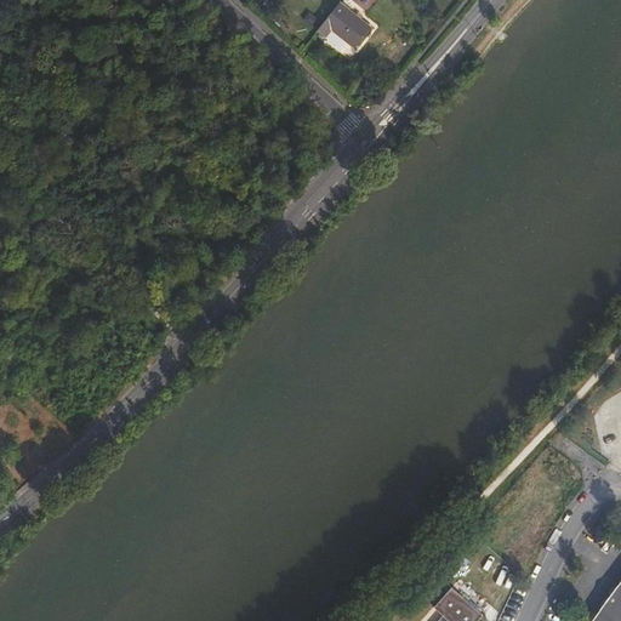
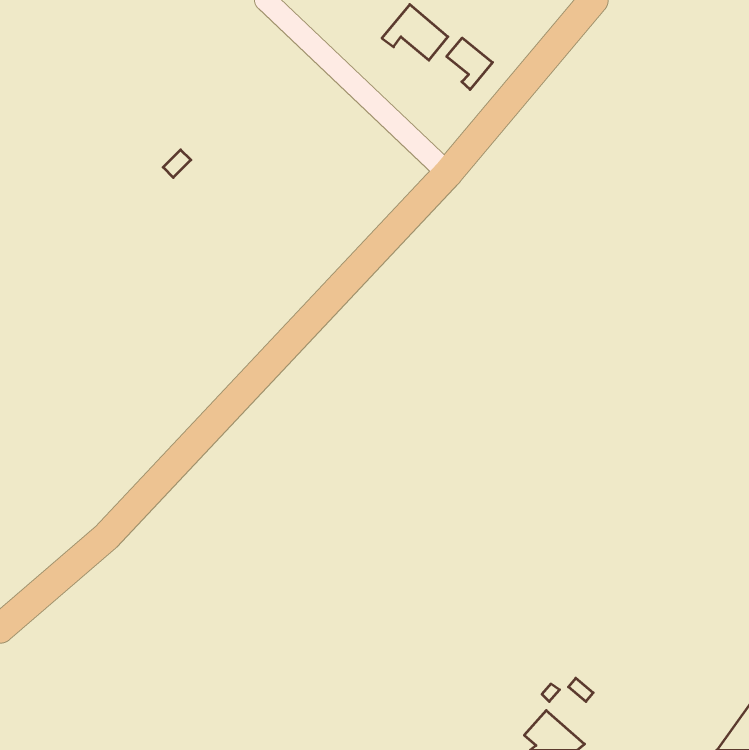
building: none -> [447,38,493,90]

